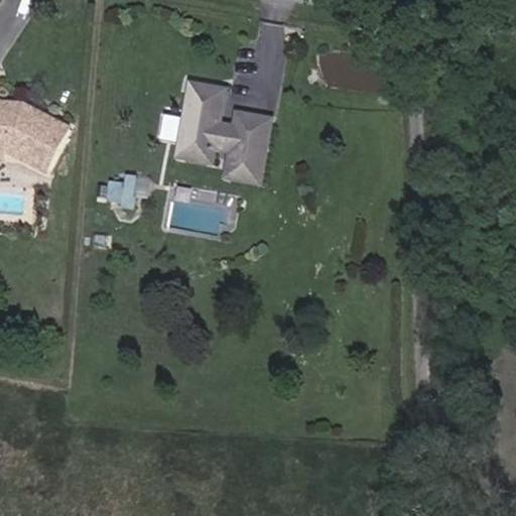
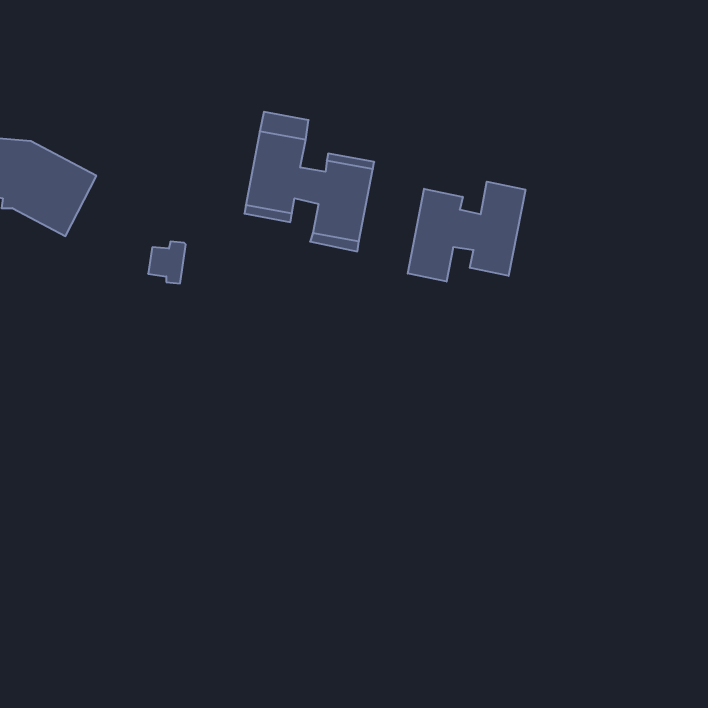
building: none -> [408,182,525,282]

